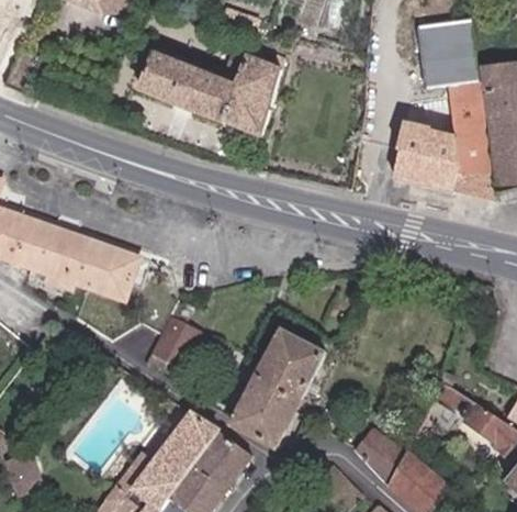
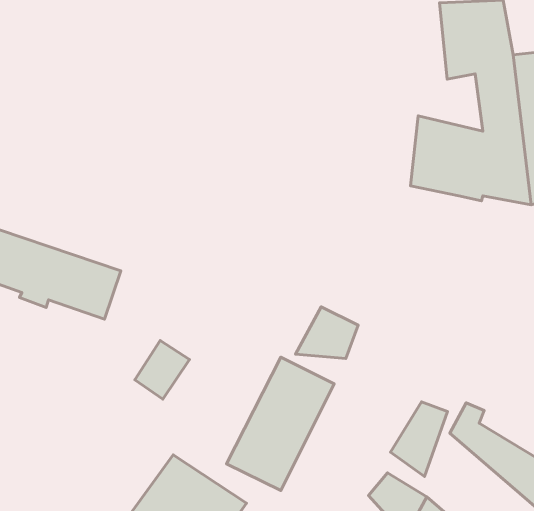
building: [139,54,282,133] -> none
building: none -> [296,307,358,359]
building: none -> [390,402,448,476]

